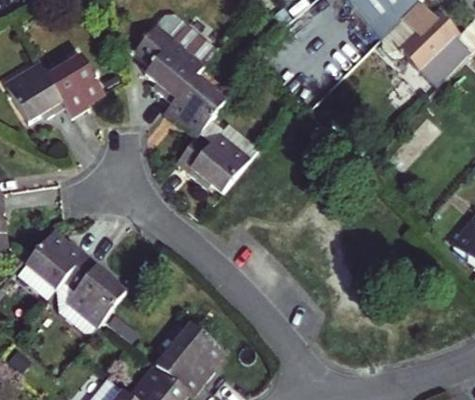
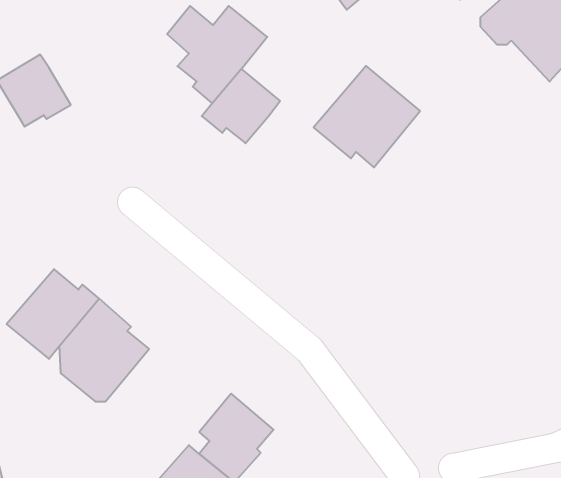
building: [47,55,102,115] -> none
building: [177,112,260,191] -> [314,66,420,167]

